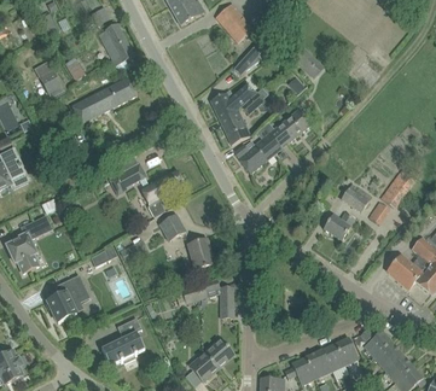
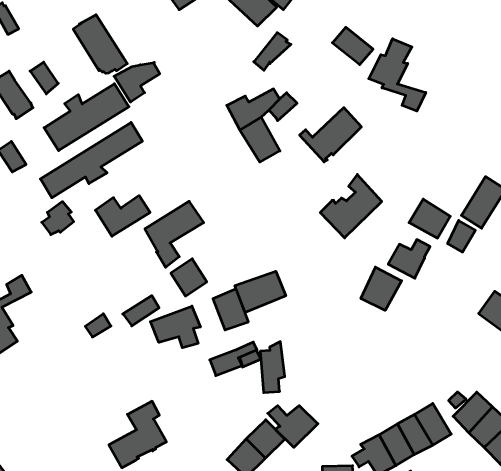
building: none -> [369,39,426,111]
building: none -> [114,62,160,102]
building: none -> [40,122,142,198]
building: [233,126,280,173] -> [320,174,382,238]
building: none -> [235,271,286,313]
building: none -> [361,267,402,310]
building: none -> [150,306,200,348]
building: [47,275,88,322] -> none
building: none -> [268,406,318,447]

